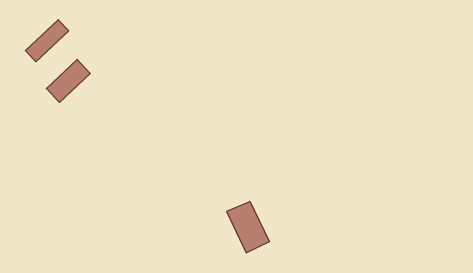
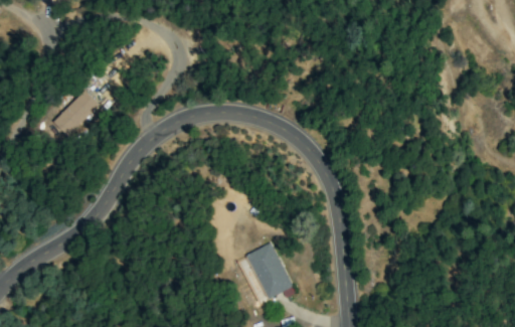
building: [25,20,69,62] -> none

